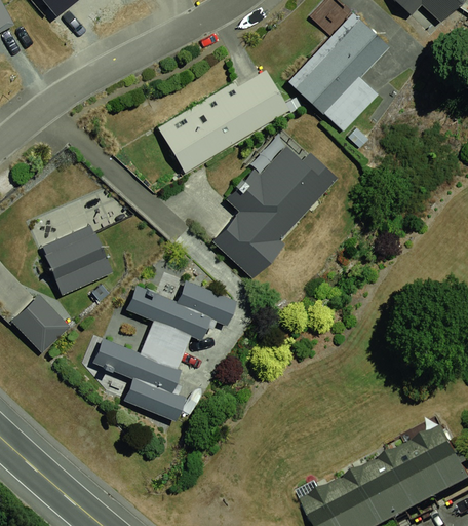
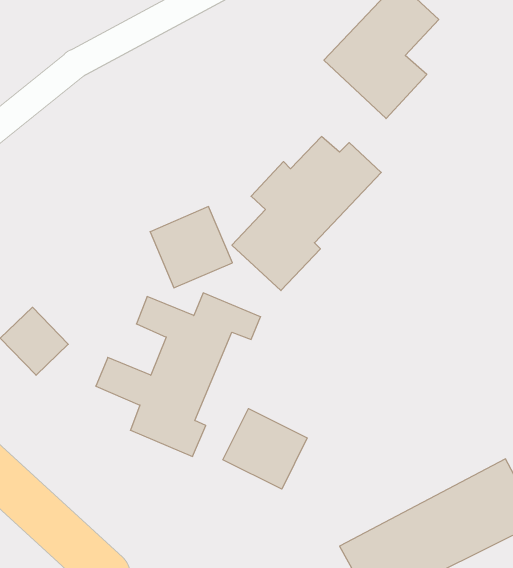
building: [157,70,289,173] -> none
building: [41,224,112,294] -> [150,207,232,288]
building: none -> [223,409,307,489]

